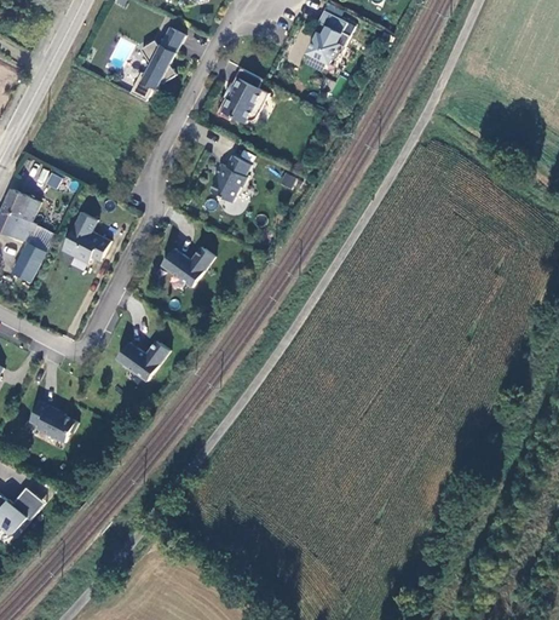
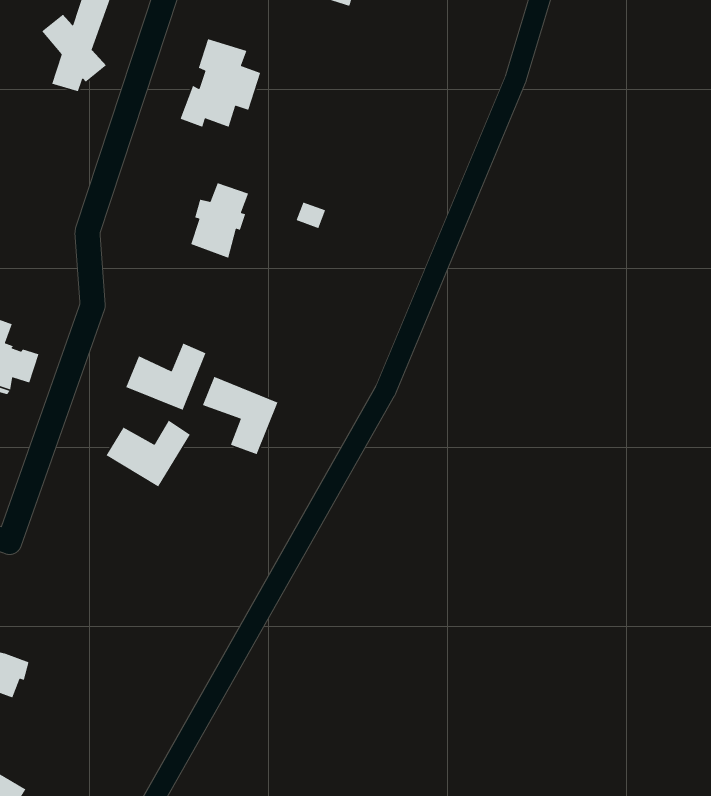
building: none -> [202,376,279,455]
building: [115,340,168,380] -> [105,420,191,488]

